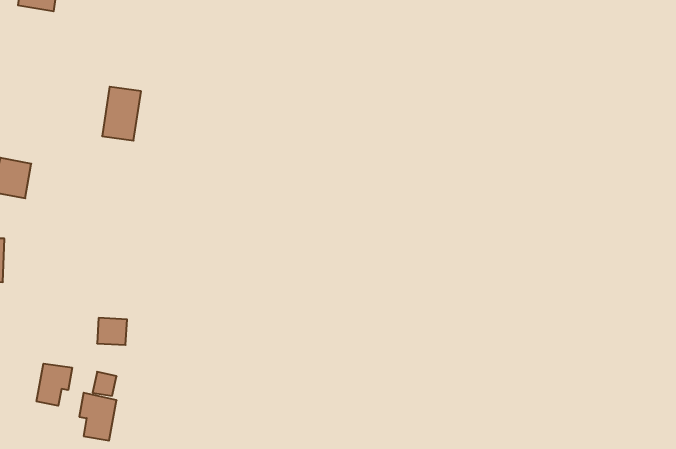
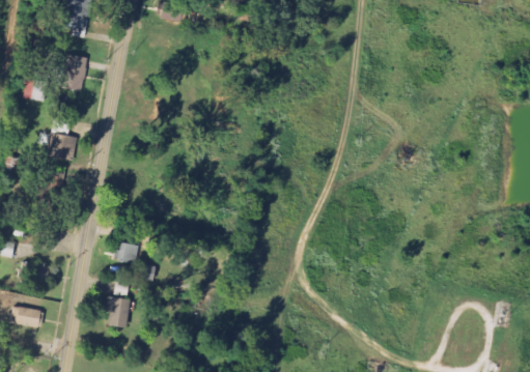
building: [102,87,141,141] -> [60,54,87,91]
building: [37,364,72,406] -> none

